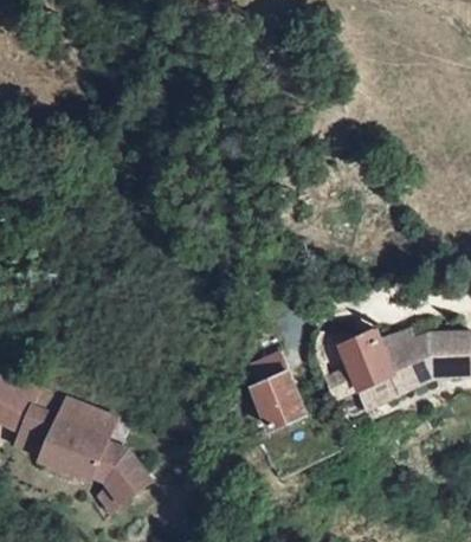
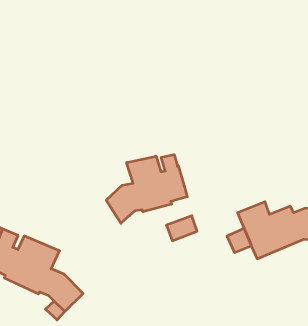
building: none -> [106,155,187,223]
building: [257,373,309,430] -> none

